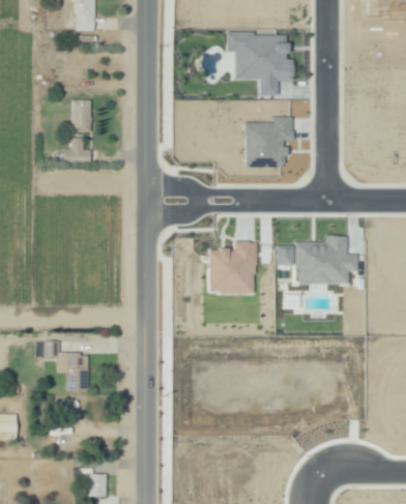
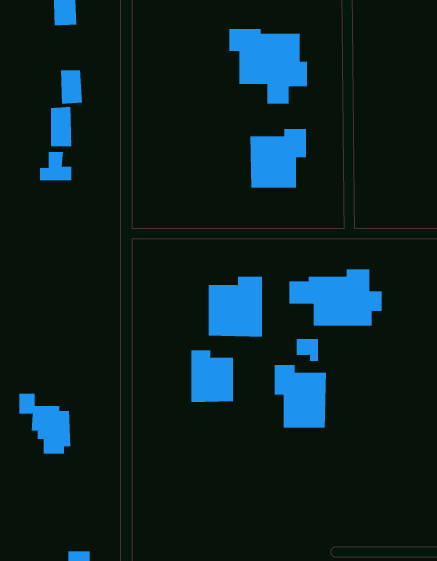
building: none -> [60,69,83,104]
building: none -> [191,349,233,403]
building: none -> [274,364,326,428]

